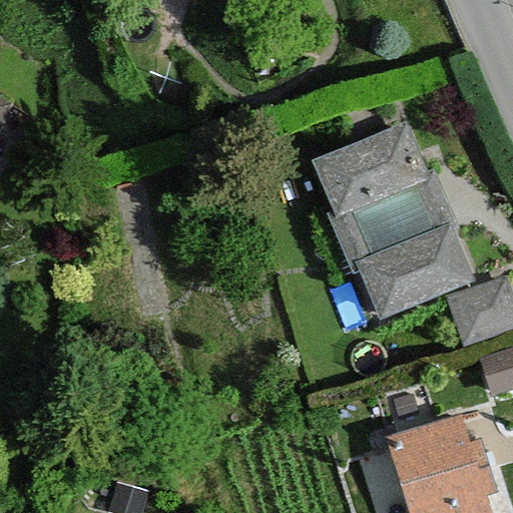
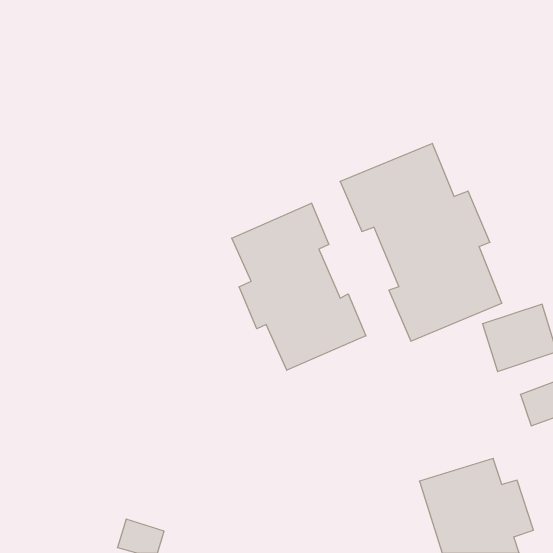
building: none -> [232,203,366,370]

